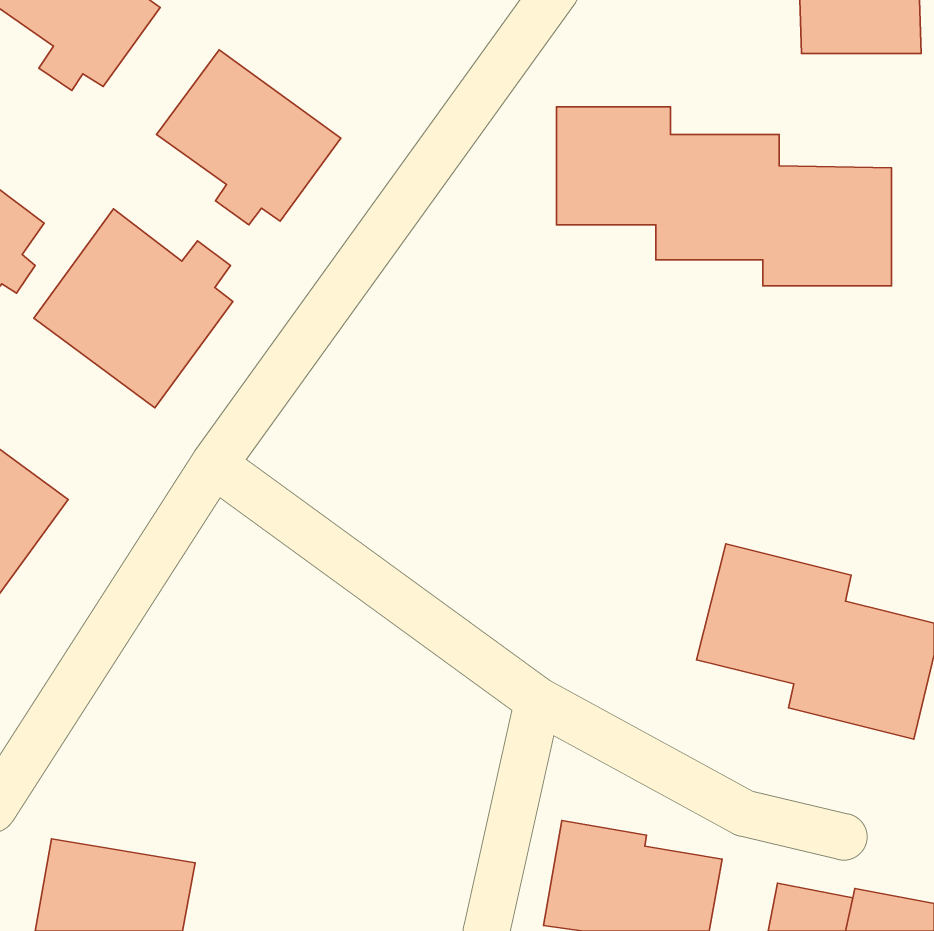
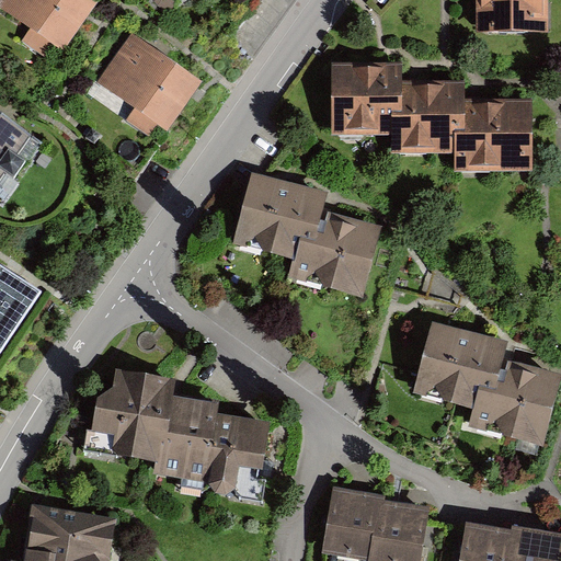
building: [34,209,233,408] -> none
building: none -> [229,171,381,296]
building: none -> [88,370,268,486]

